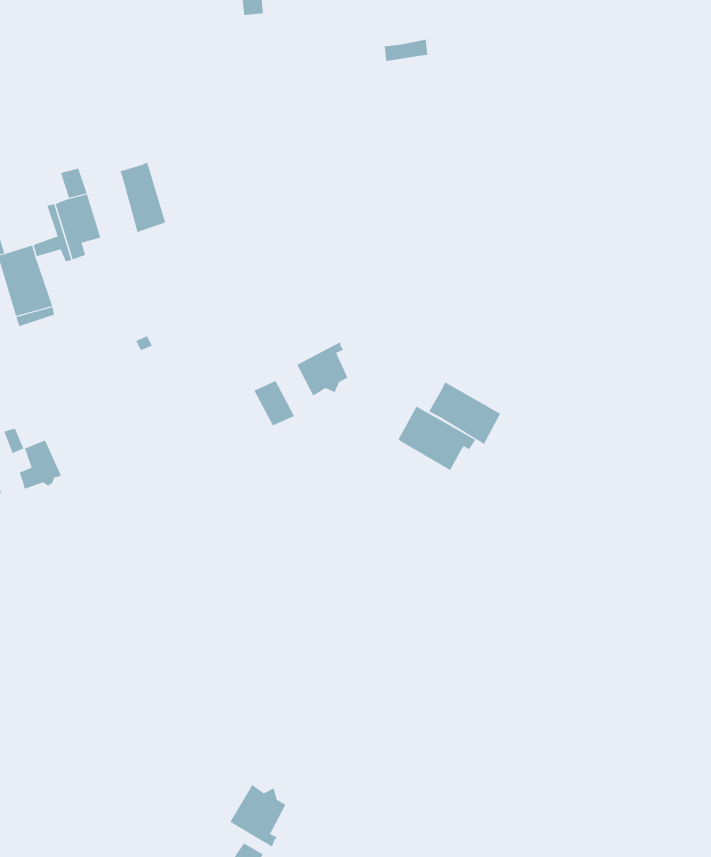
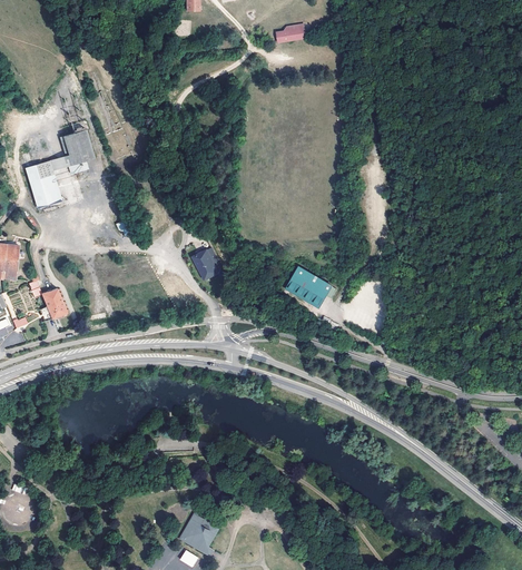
building: [120,162,166,233] -> none
building: [297,341,348,396] -> none
building: [429,381,501,445] -> none

